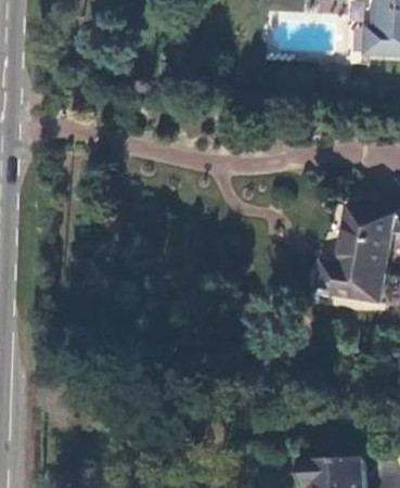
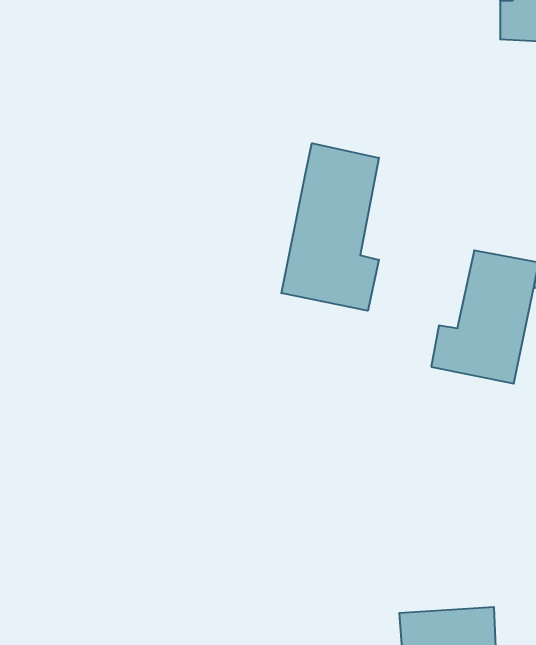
building: none -> [281,143,379,311]

